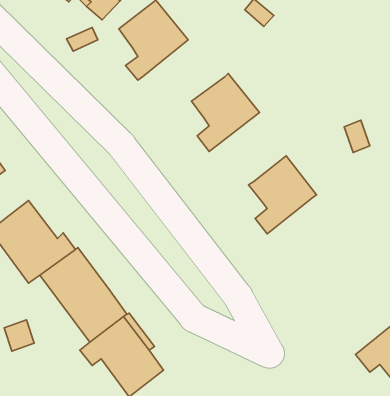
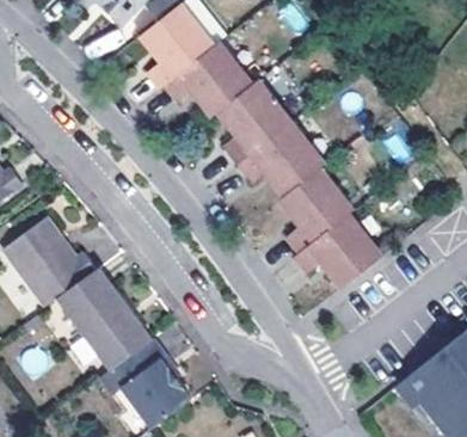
building: none -> [167,44,256,118]
building: none -> [239,124,326,198]
building: none -> [295,215,382,288]

